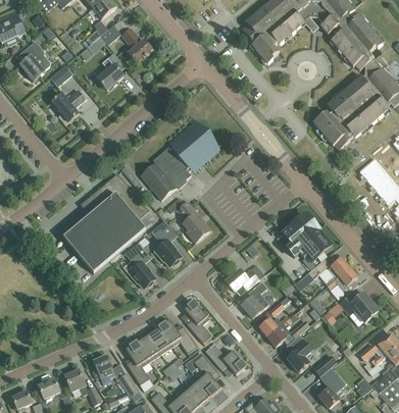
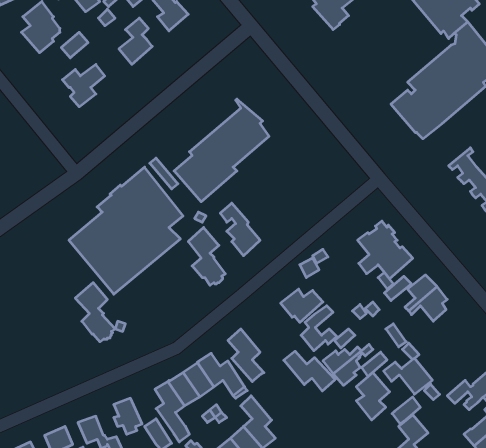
building: [124,241,156,288] -> [75,283,115,342]
building: [340,293,379,321] -> [384,358,432,394]
building: [205,343,246,374] -> [284,351,335,391]

